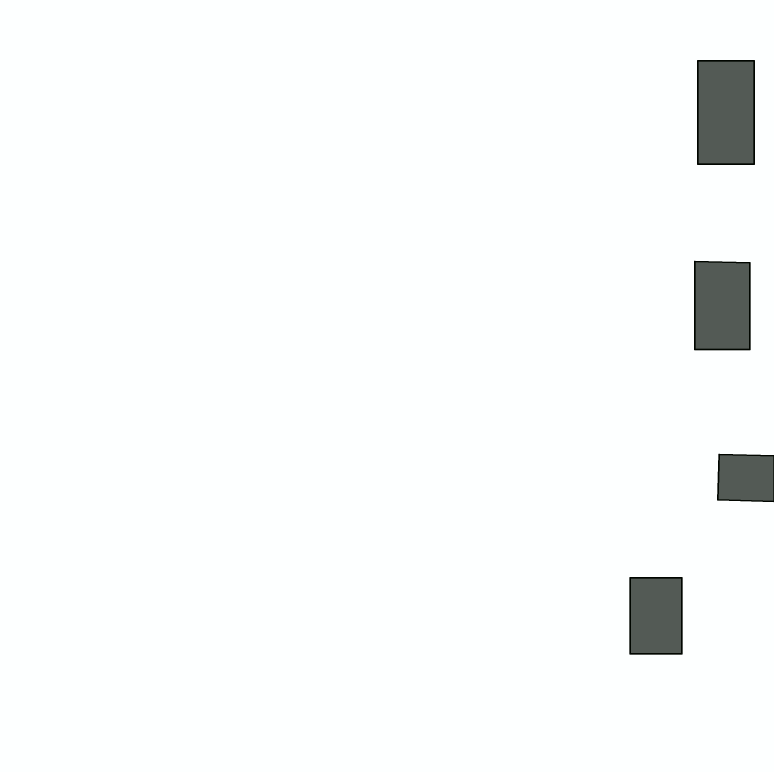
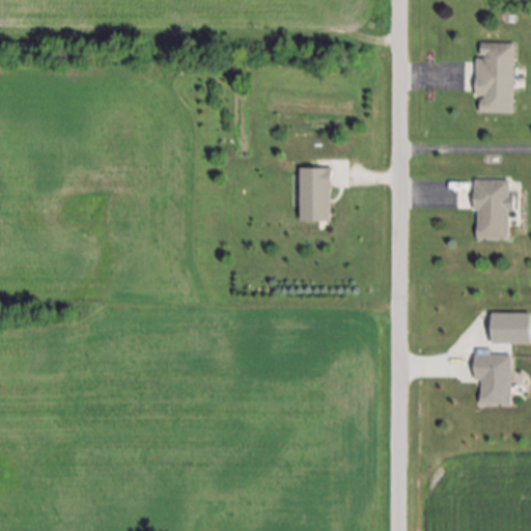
building: none -> [298,167,330,220]
building: [630,578,682,654] -> [475,354,510,406]

